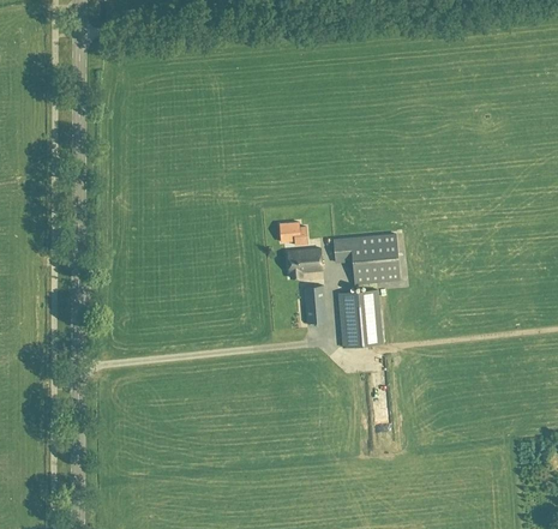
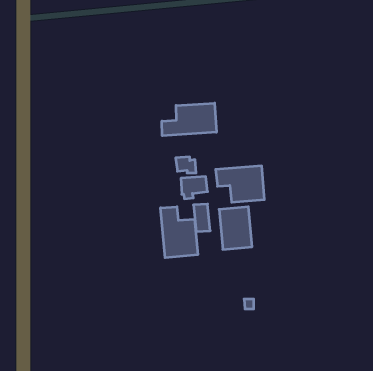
building: none -> [162,103,216,136]
building: none -> [161,207,198,258]

